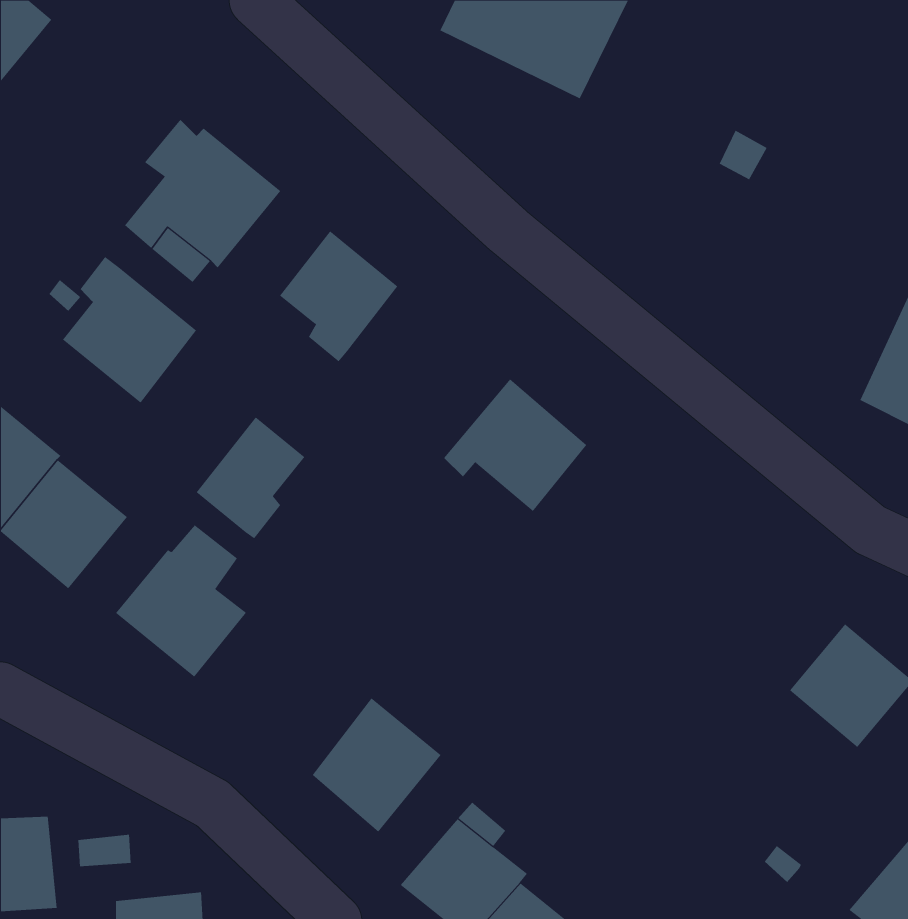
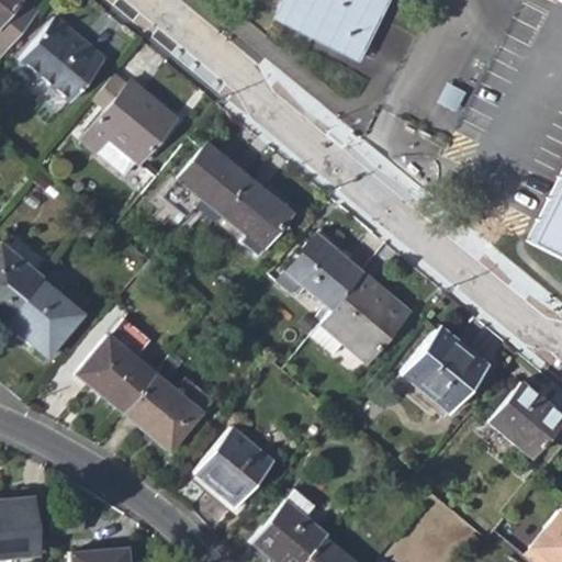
building: none -> [22,19,108,102]
building: [62,256,197,404] -> none
building: none -> [220,176,293,248]
building: [196,417,305,539] -> none
building: none -> [313,272,411,362]
building: none -> [403,326,488,413]
building: none -> [126,374,202,451]

